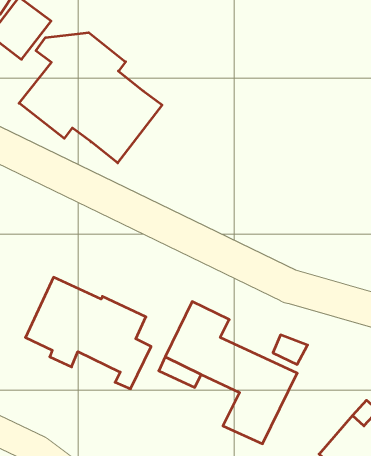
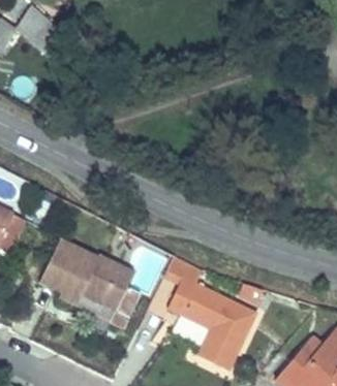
building: [19,33,162,163] -> none

